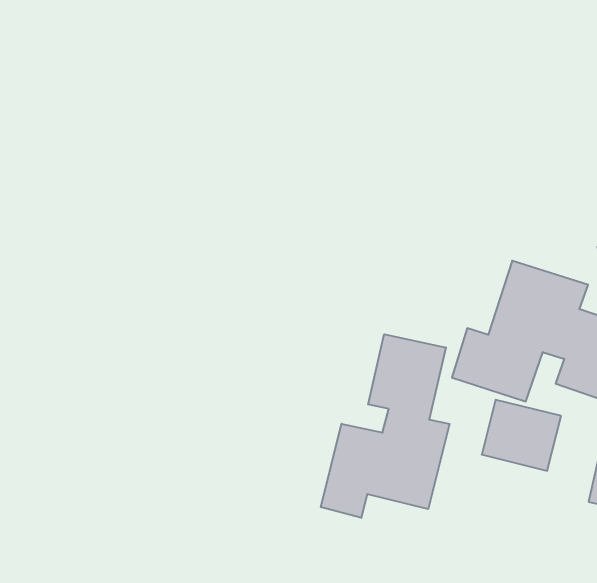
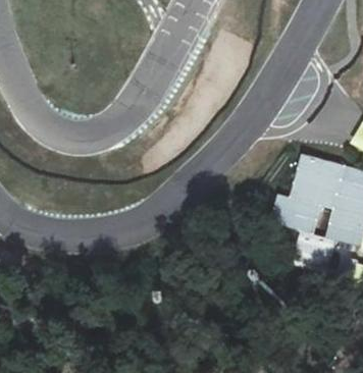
building: [321,334,450,518] -> none

